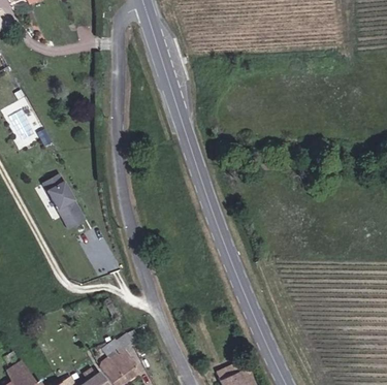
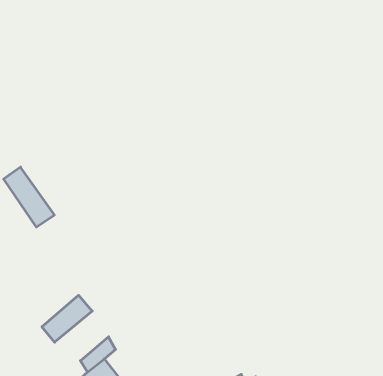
building: none -> [42,295,92,342]

